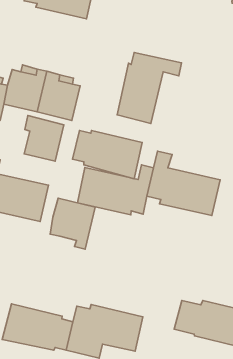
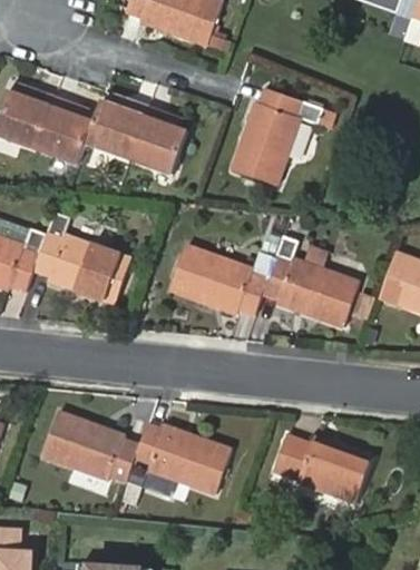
building: [24,116,64,161] -> none
building: [73,131,142,179] -> none
building: [50,198,95,249] -> none

